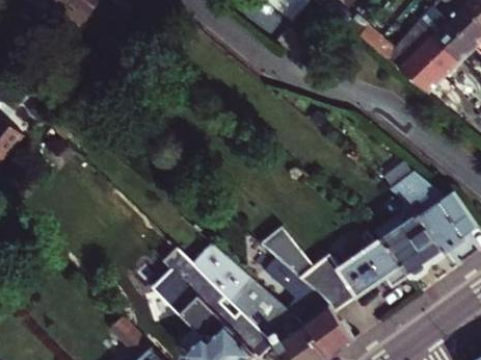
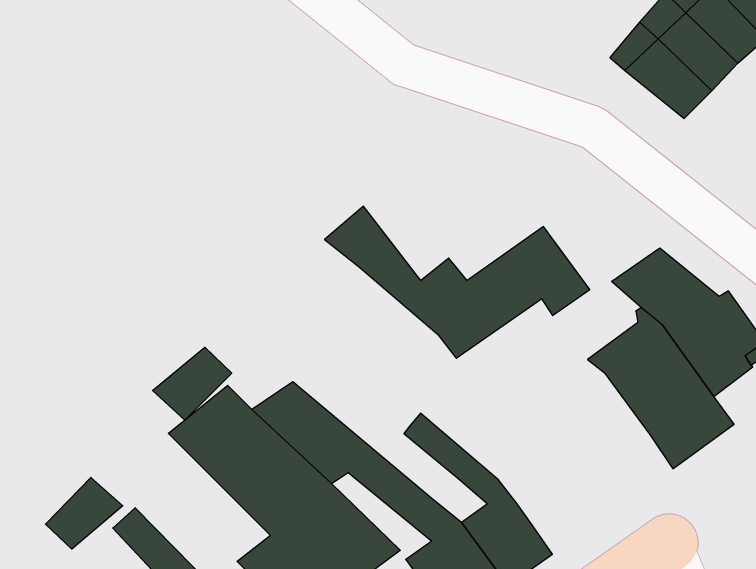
building: none -> [153,347,232,420]
building: [261,226,409,311] -> [325,206,590,358]
building: none -> [45,477,123,549]

